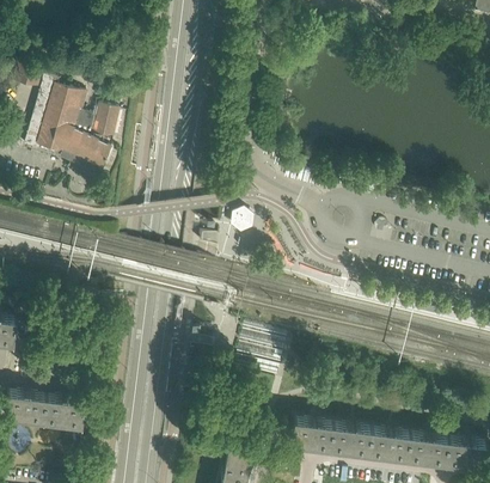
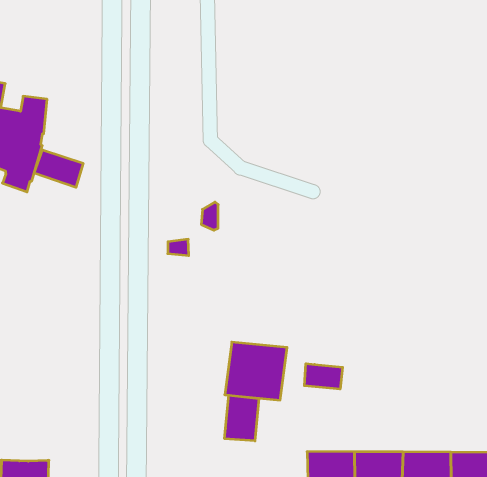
building: none -> [34,150,83,187]
building: none -> [304,364,343,389]
building: none -> [225,395,259,441]

